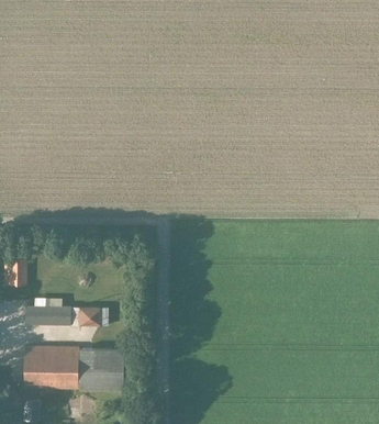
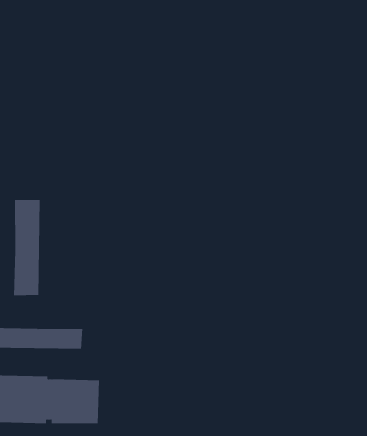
building: none -> [13,199,40,296]

